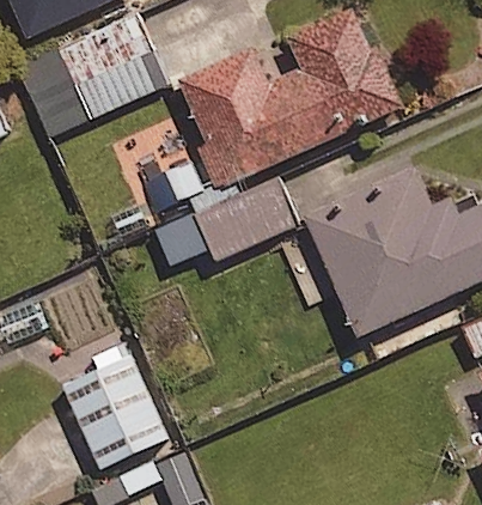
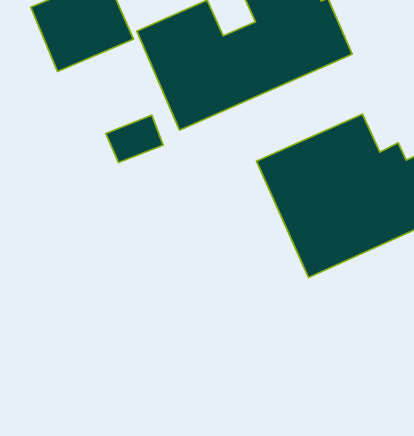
building: [160,181,301,267] -> none
building: [77,335,175,471] -> none

